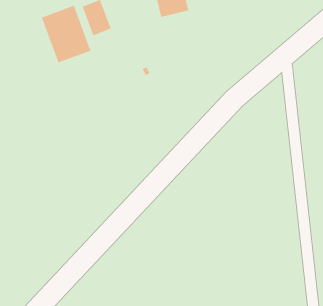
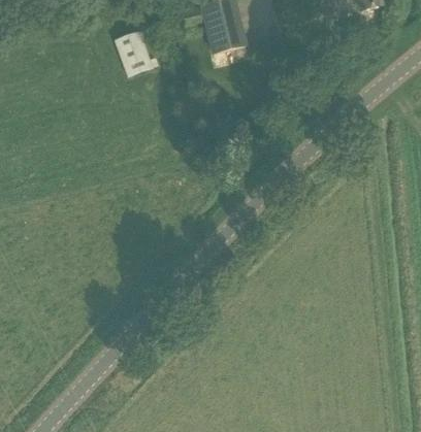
building: [41,5,91,63] -> none

